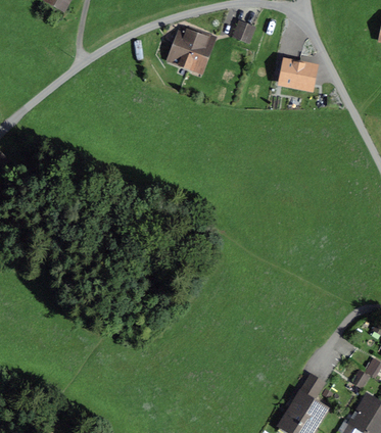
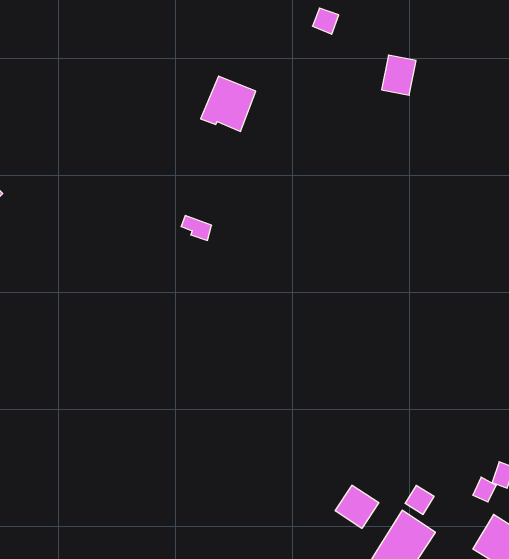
building: [170,29,210,69] -> [201,76,256,131]
building: none -> [335,485,379,528]

